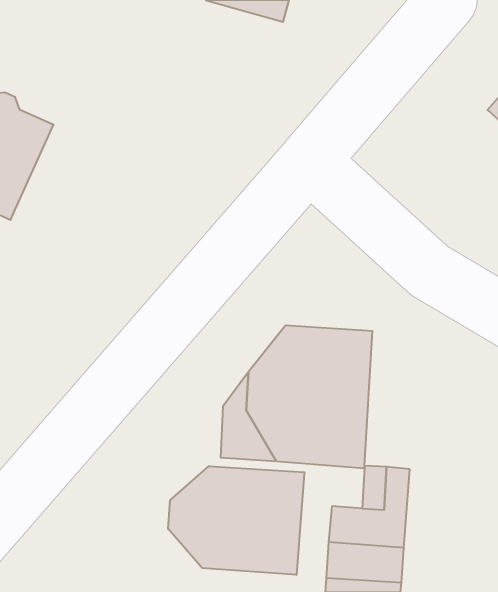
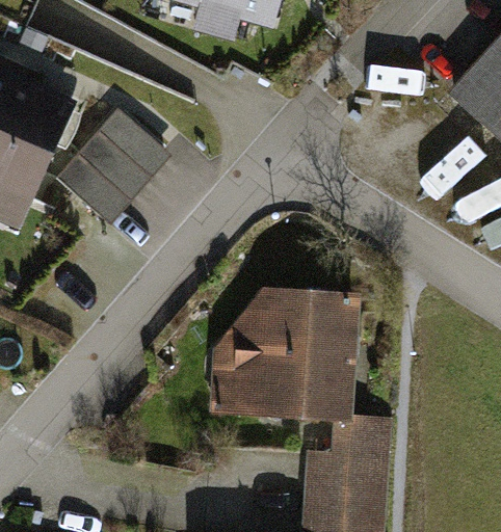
building: none -> [58,108,166,219]
building: [168,466,305,575] -> none

